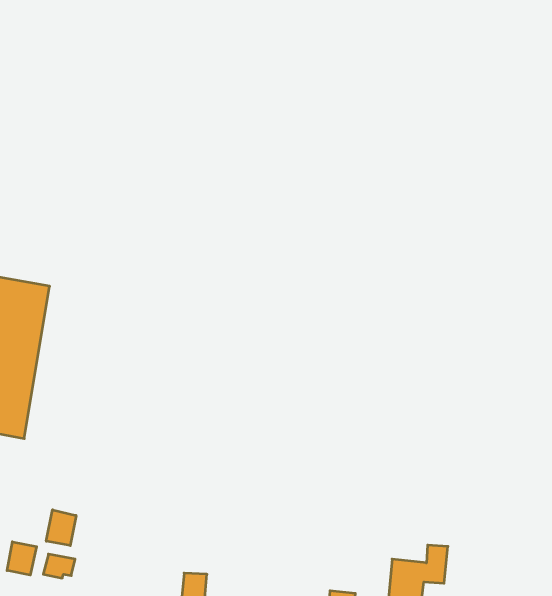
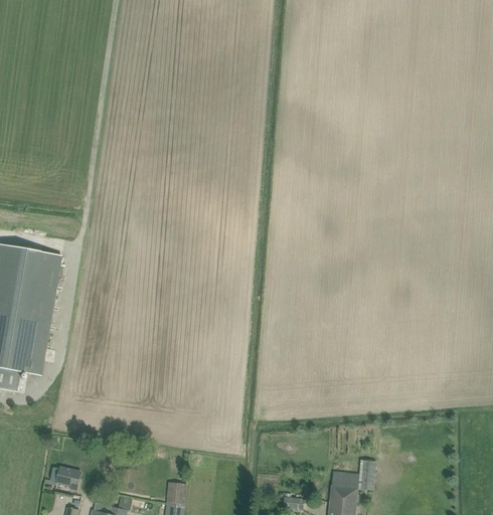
building: [46,510,76,546] -> none
building: [7,542,37,575] -> none

